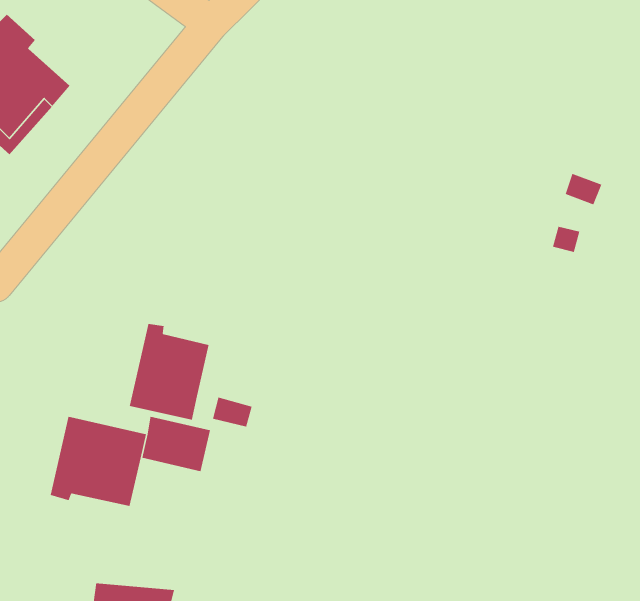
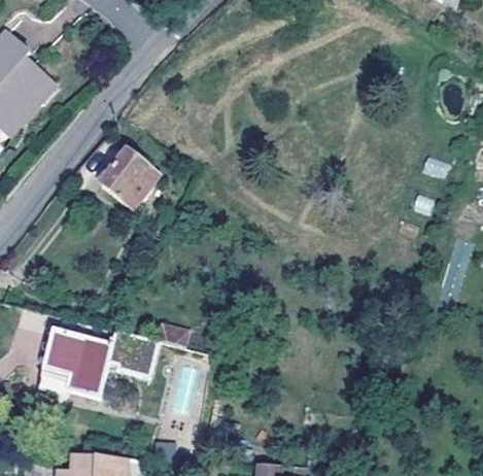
building: none -> [100,148,159,207]
building: [129,323,209,421] -> none

